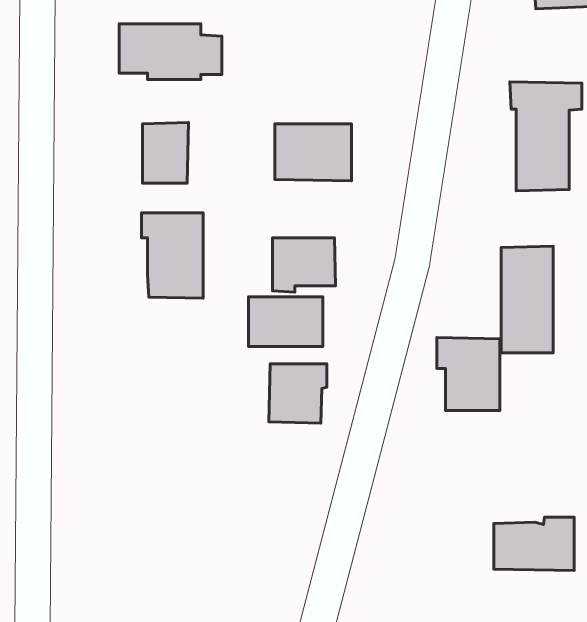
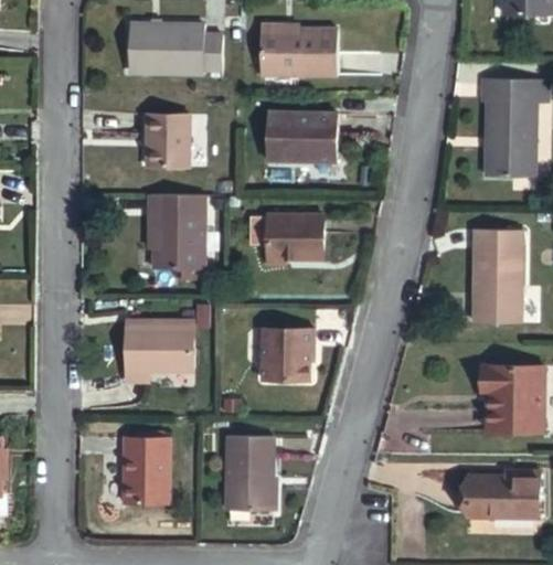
building: none -> [260,25,332,76]
building: [248,297,323,346] -> [127,330,193,374]
building: [437,338,500,411] -> [482,361,539,426]
building: none -> [231,437,276,512]
building: none -> [127,438,171,507]

